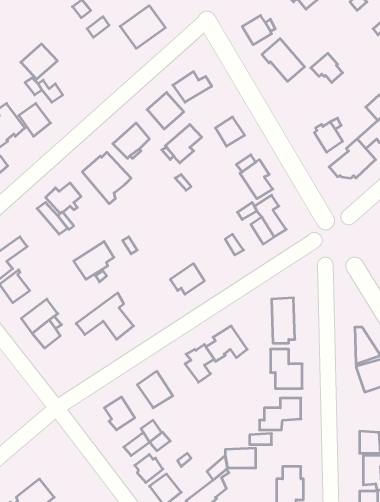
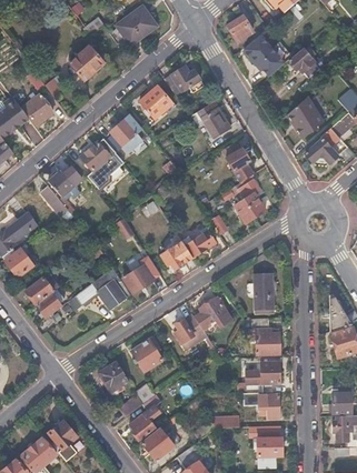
building: [21,44,57,79] -> [70,48,103,80]
building: [165,124,202,163] -> none
building: [74,241,114,279] -> [123,260,160,294]
building: none -> [181,224,217,256]
building: none -> [259,394,279,419]
building: none -> [48,419,78,449]

